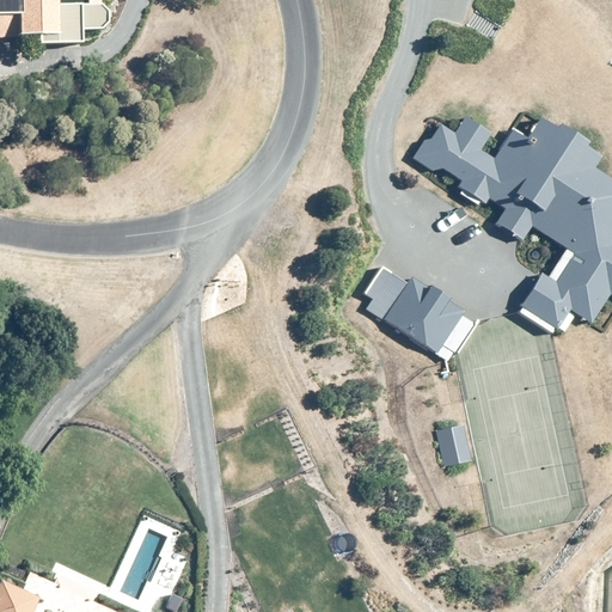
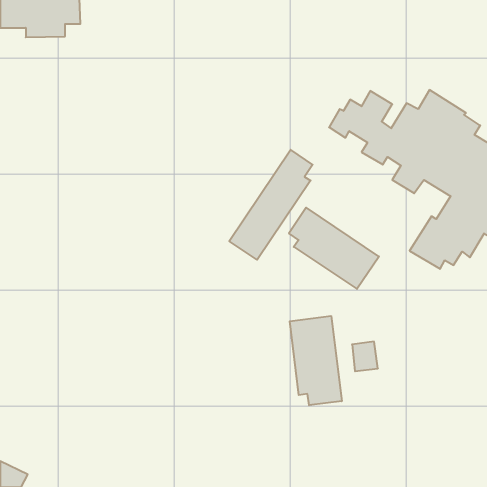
building: none -> [229,150,313,260]
building: none -> [290,316,342,405]

